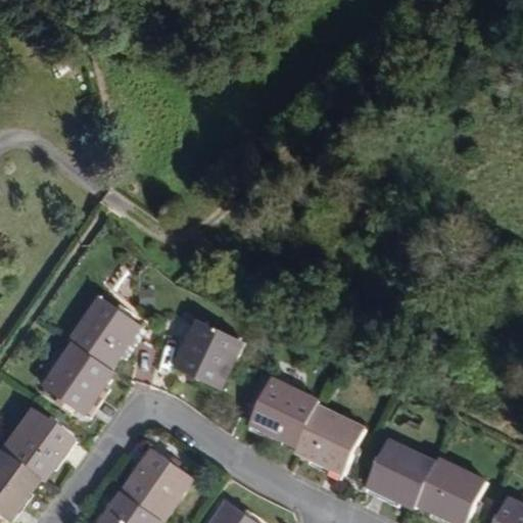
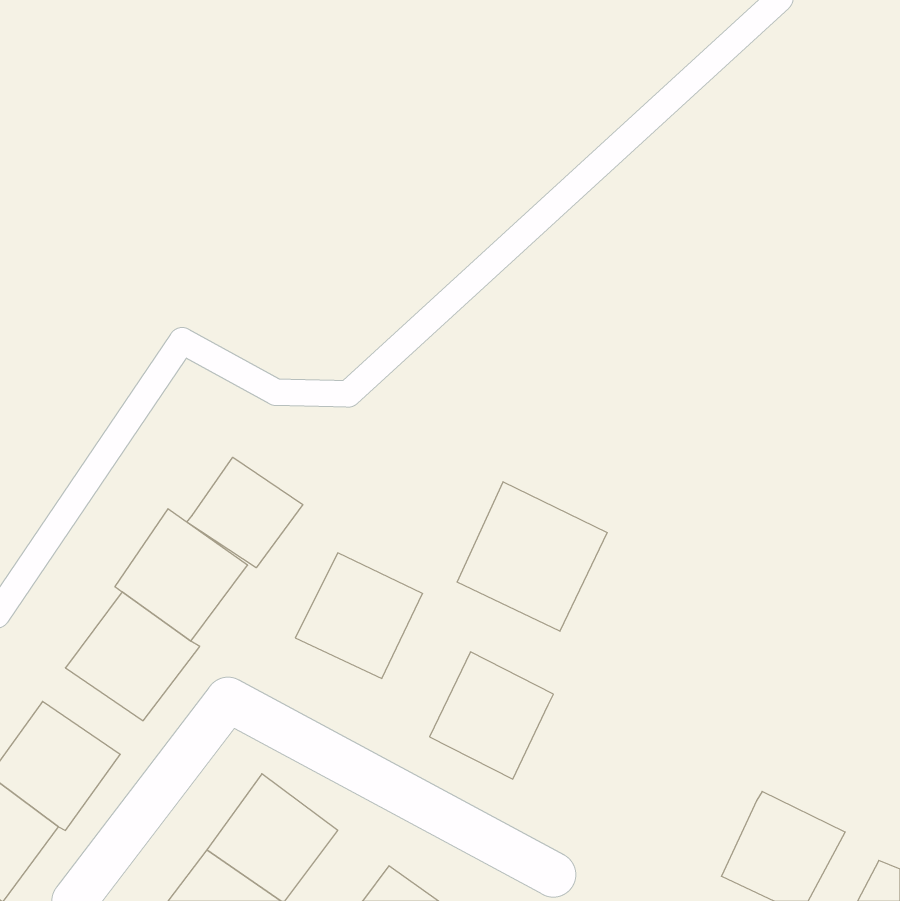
building: none -> [187,457,303,568]
building: none -> [457,482,607,631]
building: [294,408,367,478] -> none
building: [365,439,437,513] -> none

